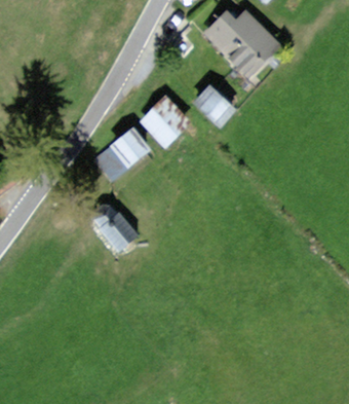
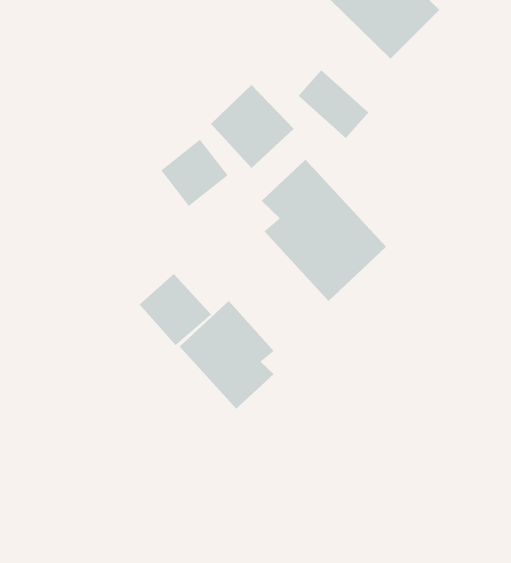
building: none -> [261,159,387,302]
building: none -> [179,300,275,410]

